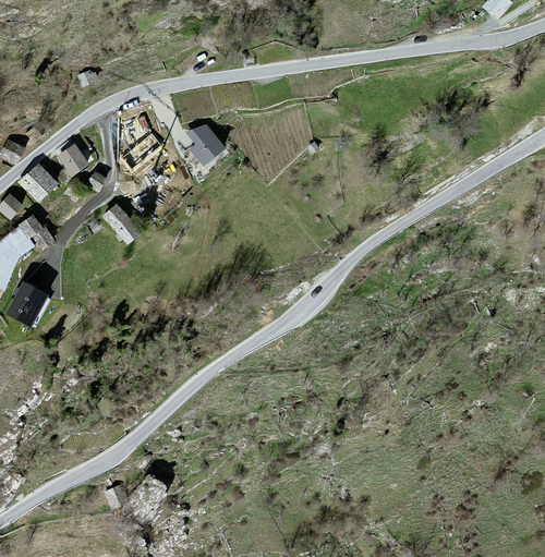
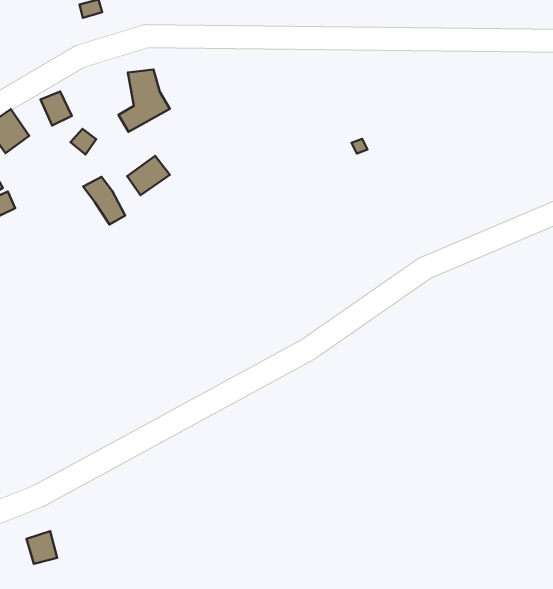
building: [187,124,223,162] -> none
building: none -> [127,156,170,195]

